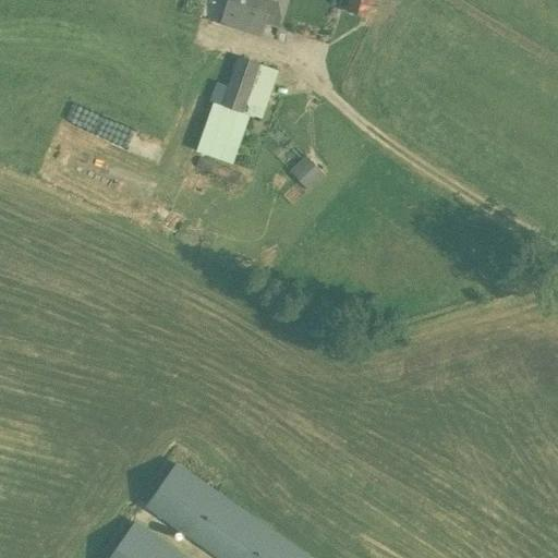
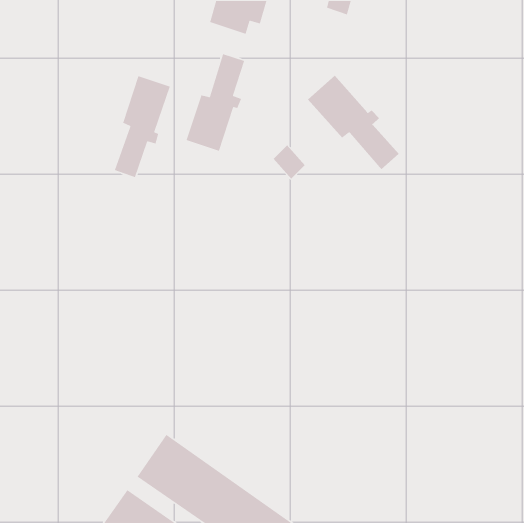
building: none -> [307,75,399,170]
building: none -> [114,75,171,178]

